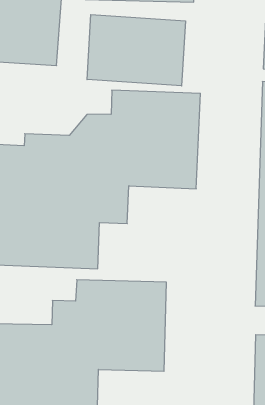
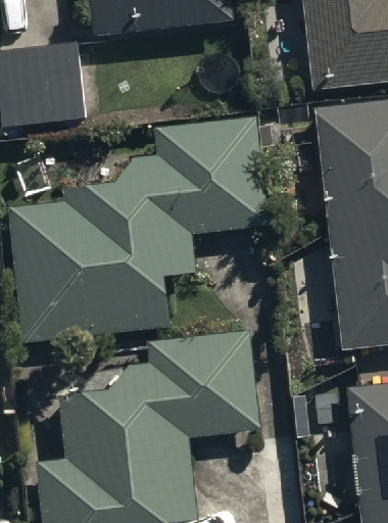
building: [87,15,185,86] -> none

